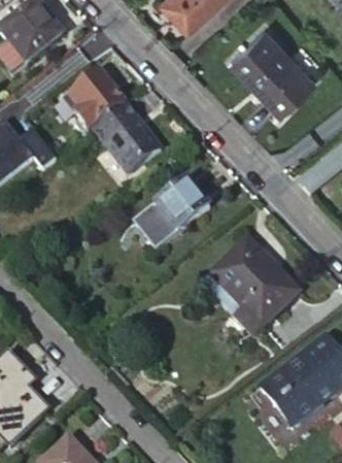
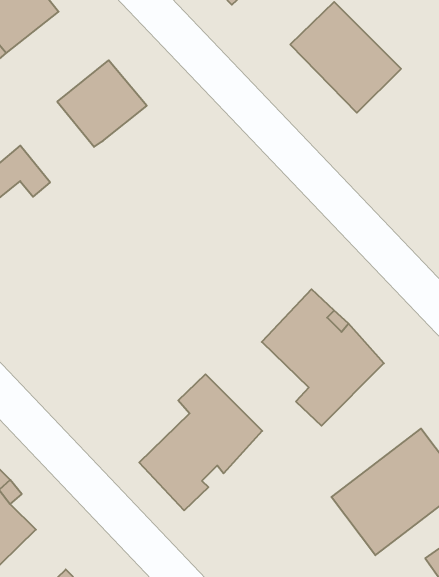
building: [94,102,161,171] -> none
building: [134,179,207,247] -> none
building: none -> [139,374,262,510]

